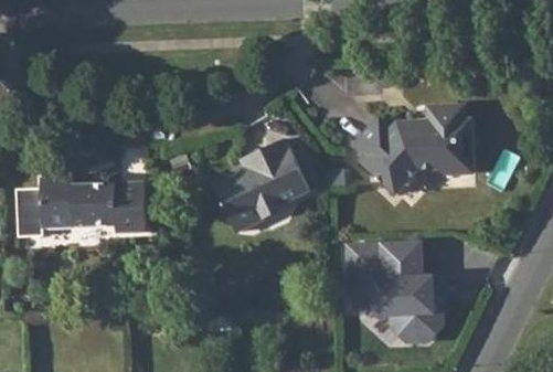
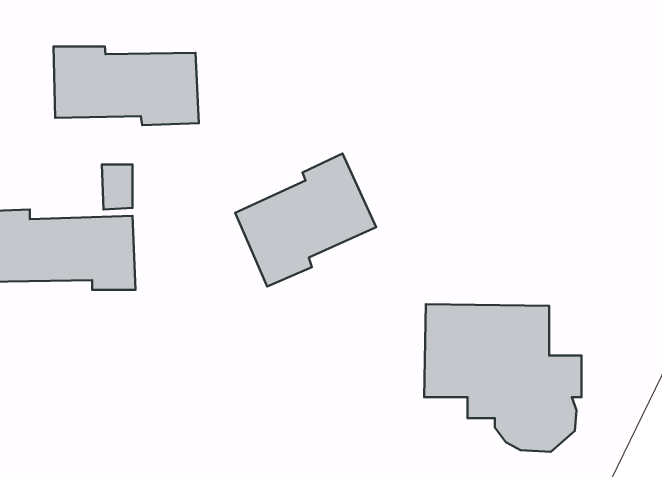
building: none -> [53,47,199,125]
building: [355,106,474,193] -> none

